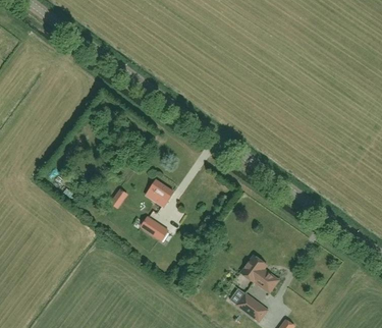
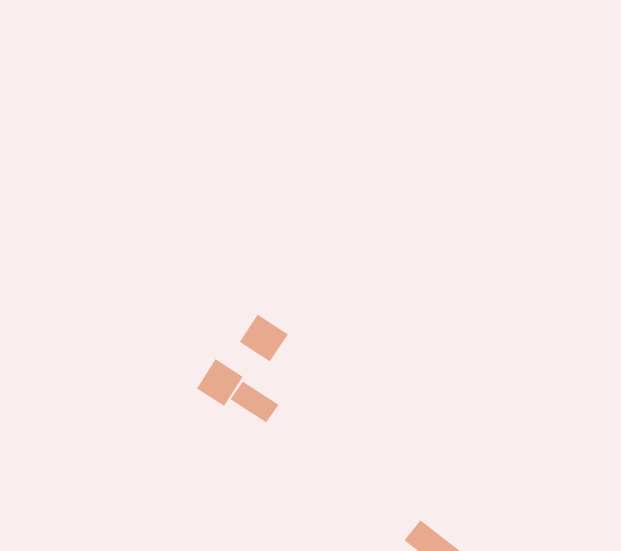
building: none -> [196,358,244,407]
building: [241,256,279,292] -> none

